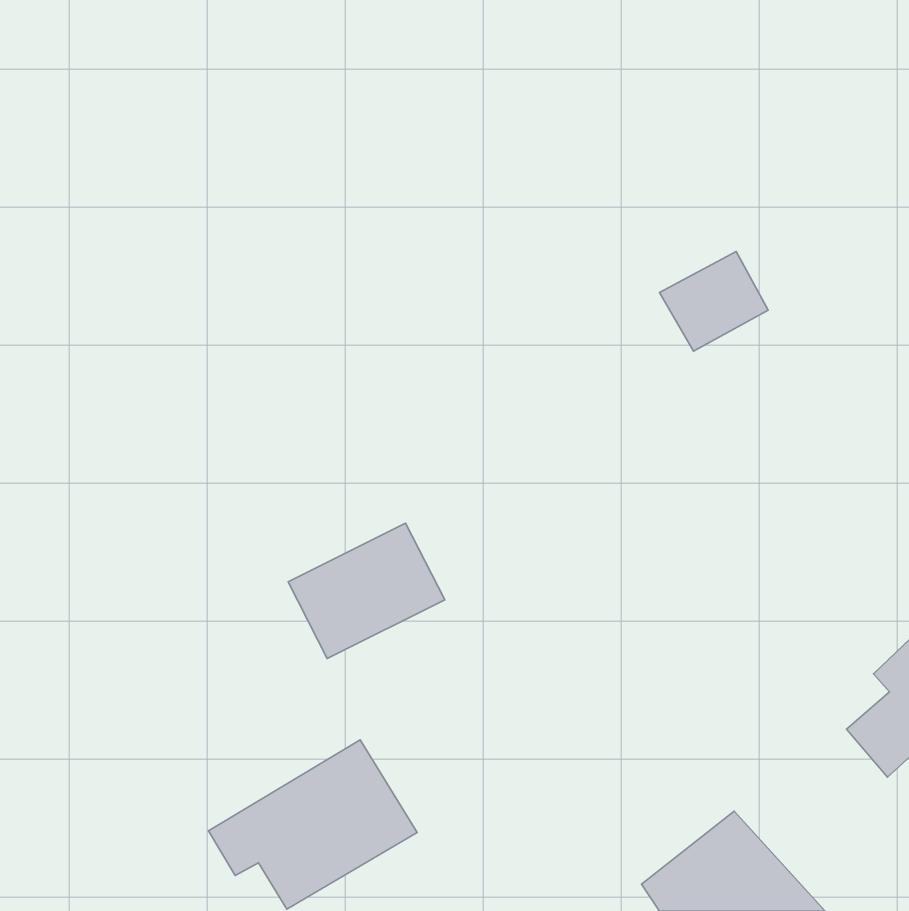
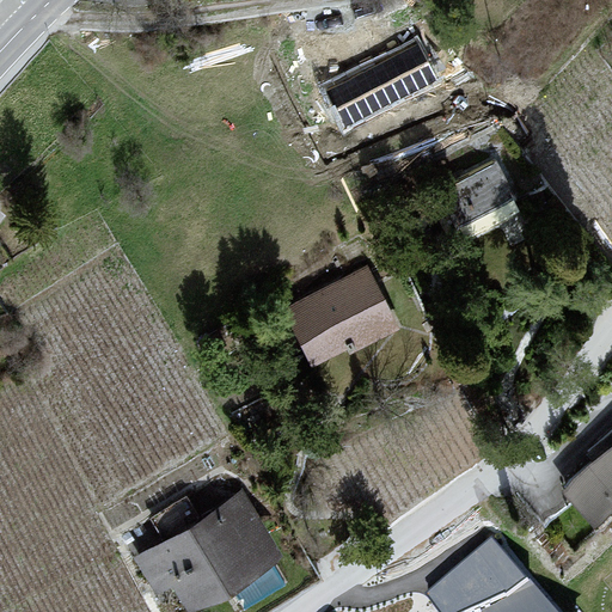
building: none -> [332,48,435,124]
building: [288,523,445,658] -> [288,271,393,362]

